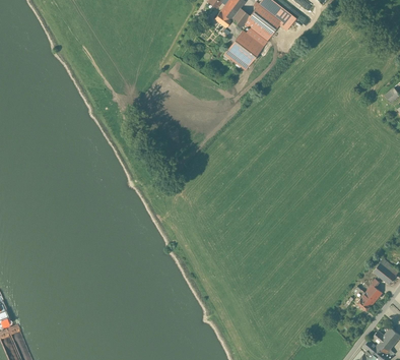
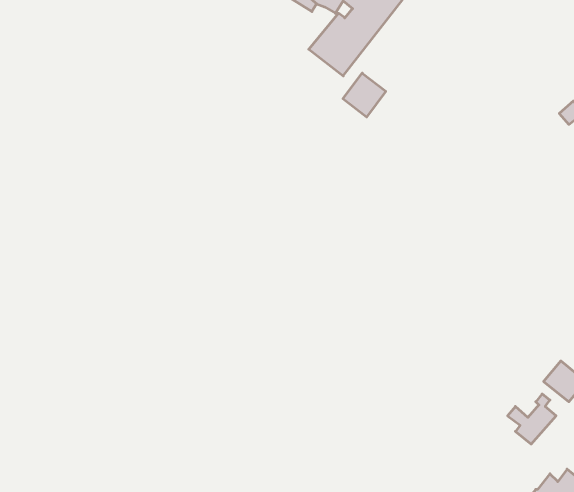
building: none -> [343,73,386,117]

